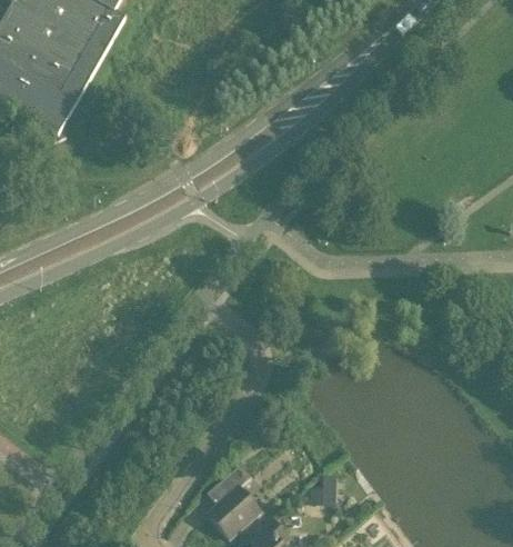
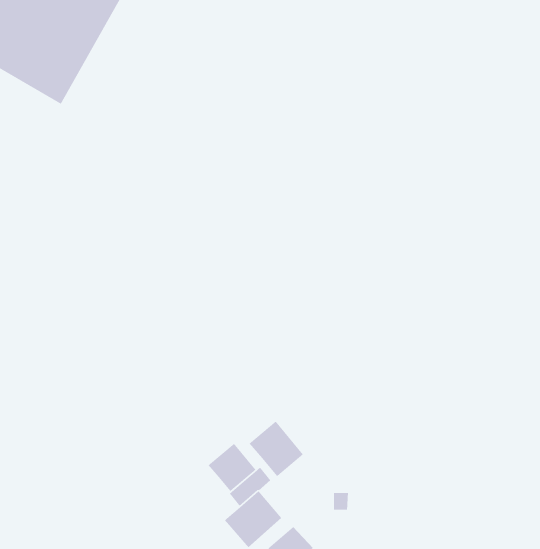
building: none -> [249,421,304,477]
building: none -> [207,443,256,491]

